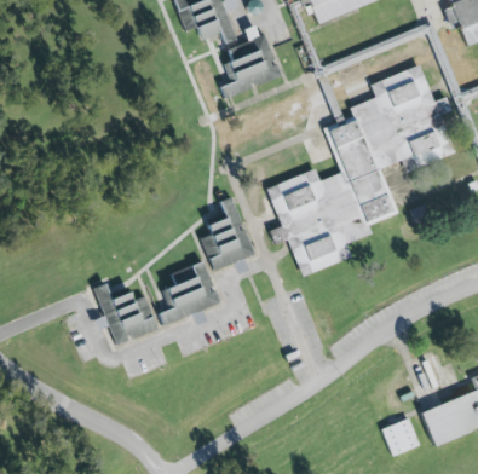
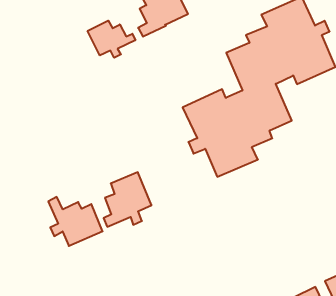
building: none -> [88,21,135,58]
building: [201,195,253,272] -> none

